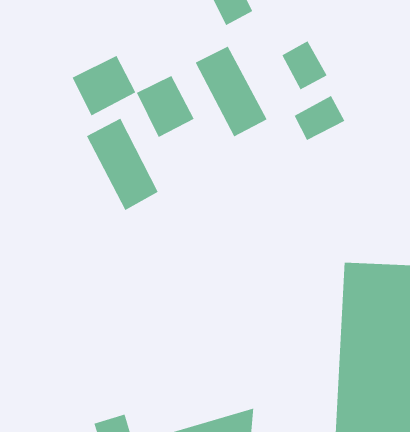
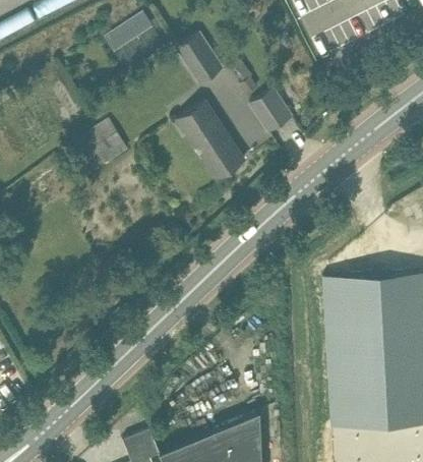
building: [136,75,194,138] -> none
building: [294,95,345,141] -> none
building: [86,118,159,211] -> none

